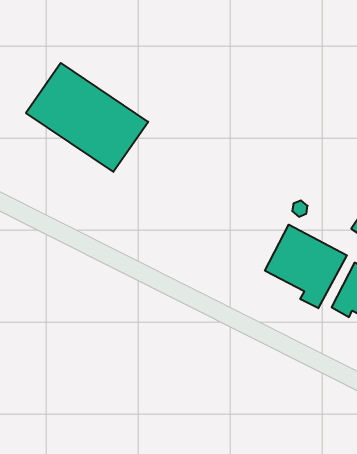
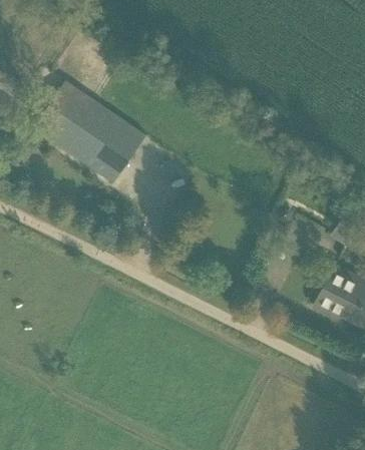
building: [265,225,347,308] -> none

